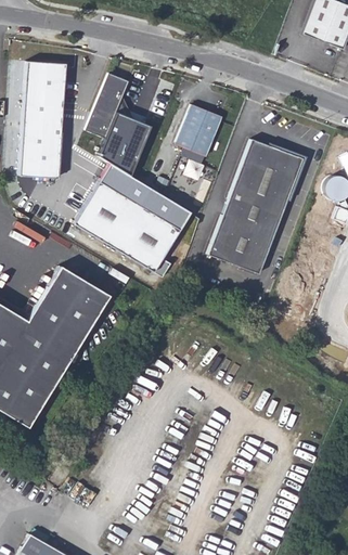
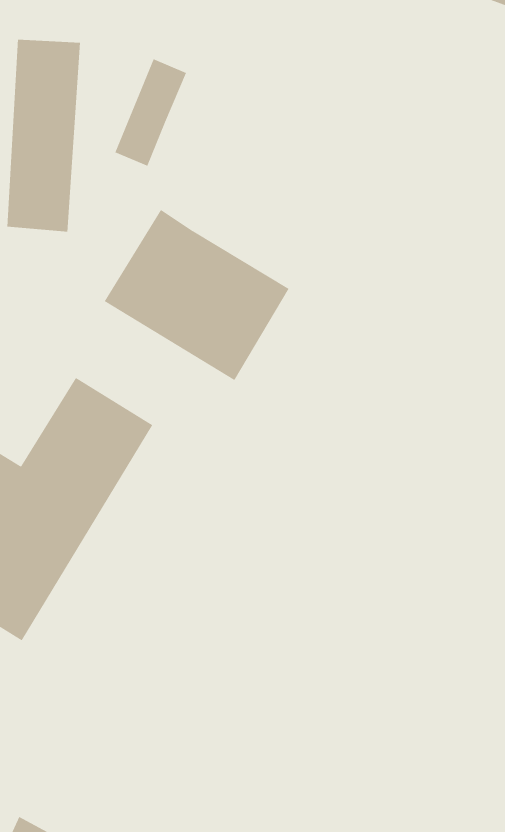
building: [175,107,221,162] -> none
building: [101,113,154,179] -> none
building: [204,139,299,273] -> none

